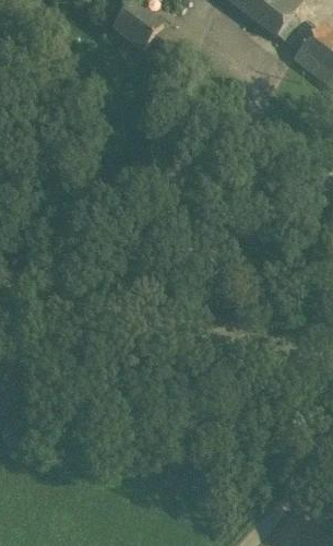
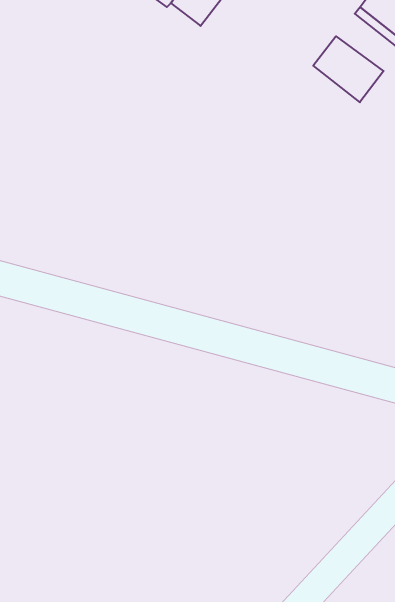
building: none -> [313,36,384,102]

